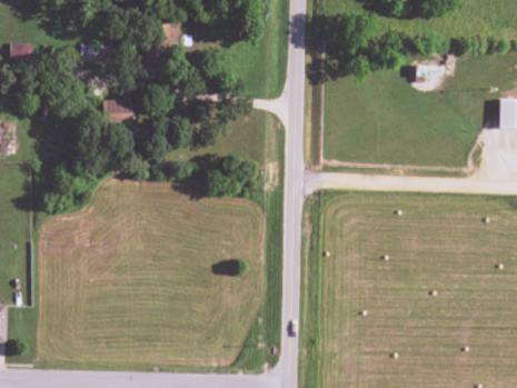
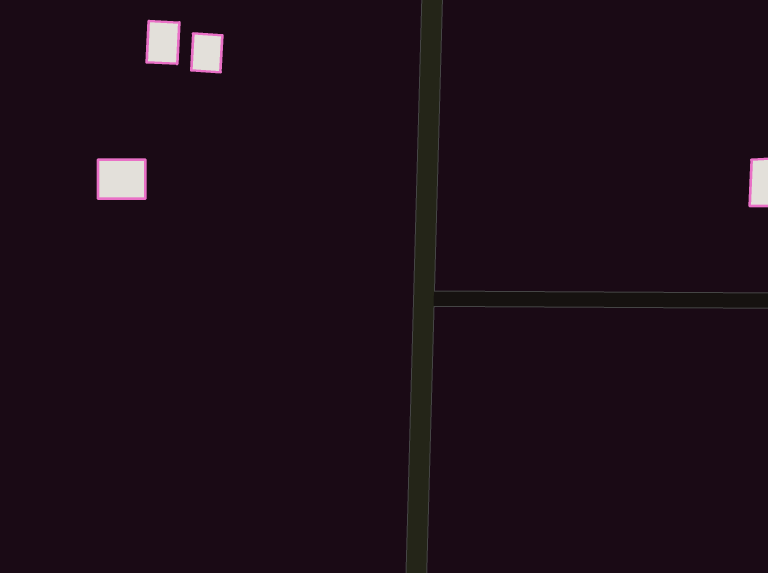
building: none -> [147,21,179,64]

